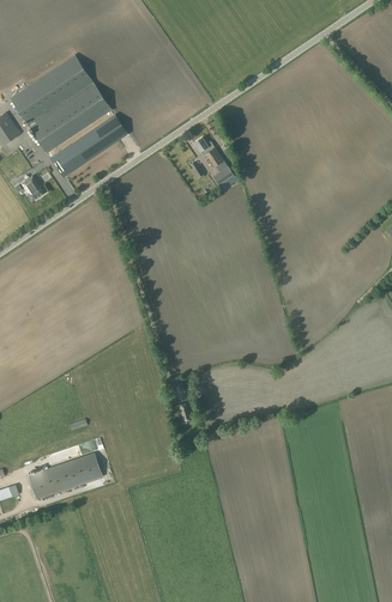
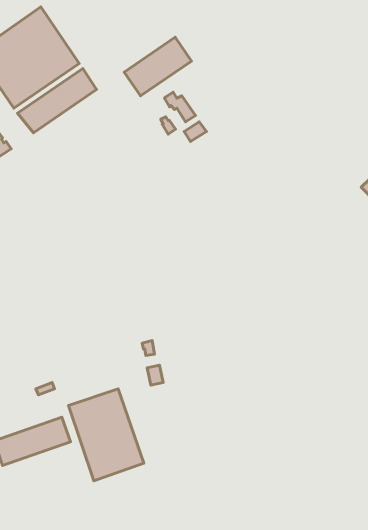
building: none -> [124,37,191,96]
building: none -> [69,389,144,481]

